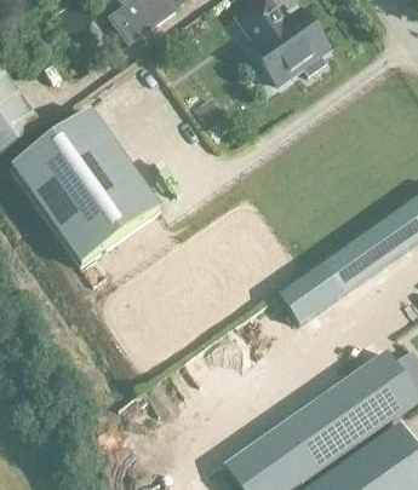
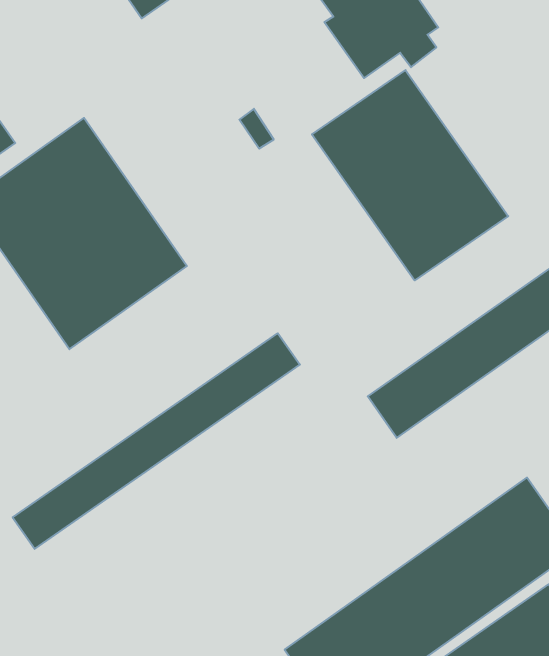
building: none -> [312,70,508,280]
building: none -> [13,333,300,549]

